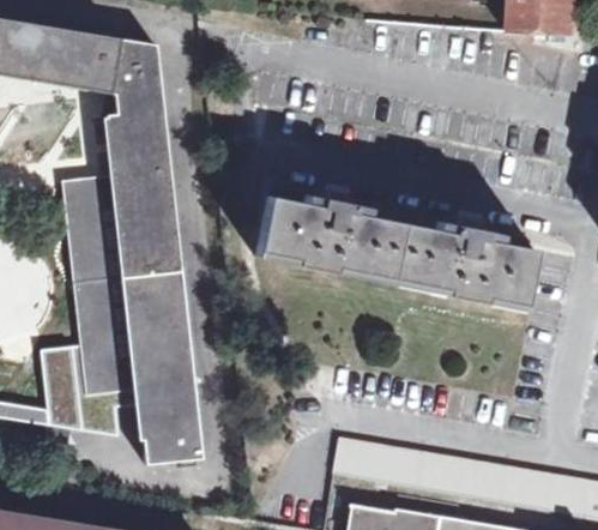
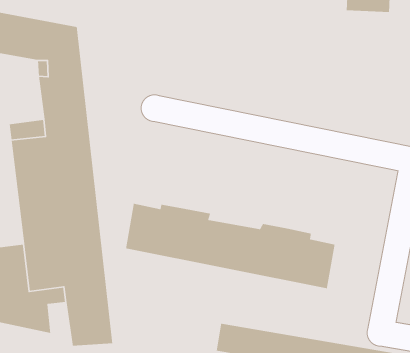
building: [259,195,534,308] -> [125,203,336,289]

